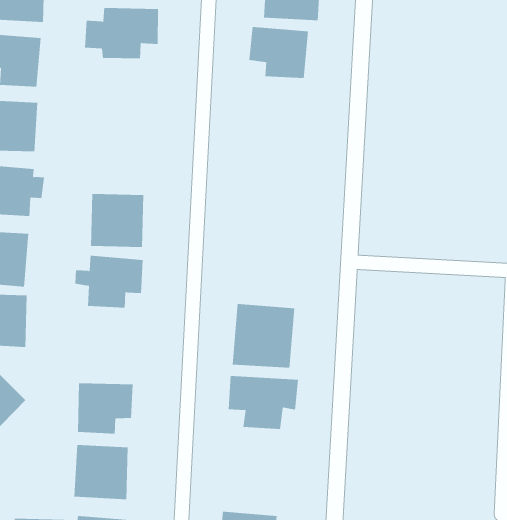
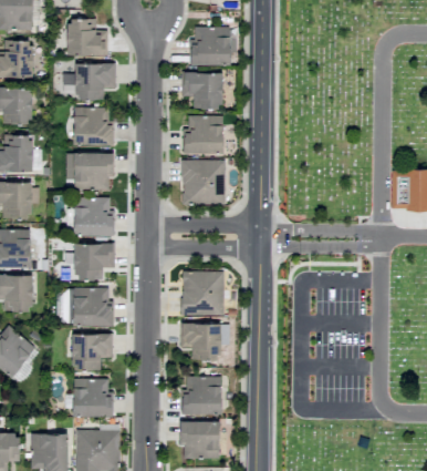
building: none -> [74,107,112,146]
building: none -> [183,116,223,154]
building: none -> [74,153,114,191]
building: none -> [183,161,226,206]
building: none -> [70,288,112,326]
building: none -> [181,376,222,414]

